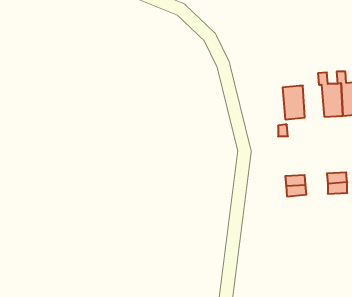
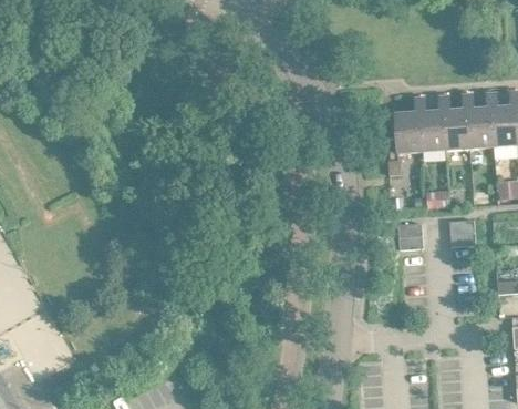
building: none -> [415,96,447,151]

